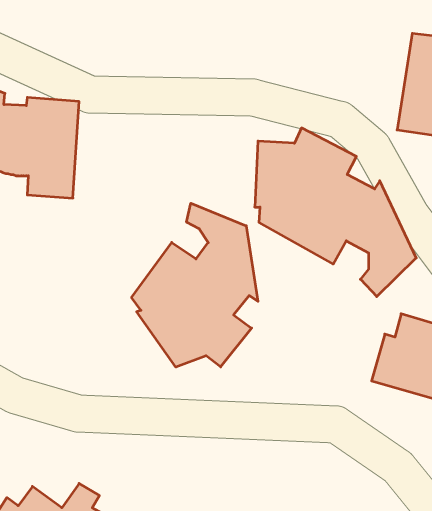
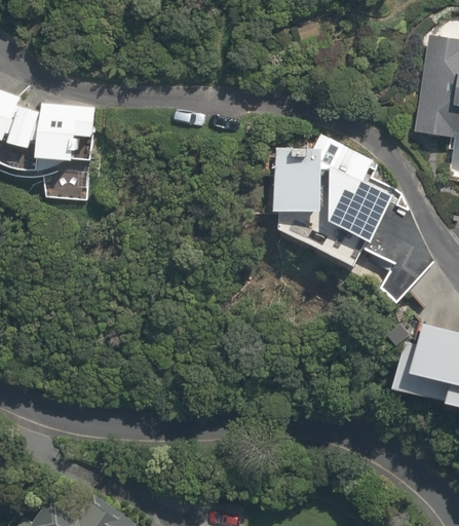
building: [132,203,258,367] -> none

